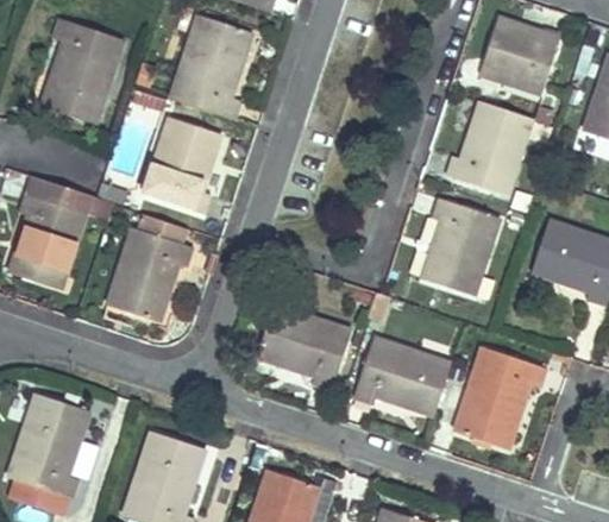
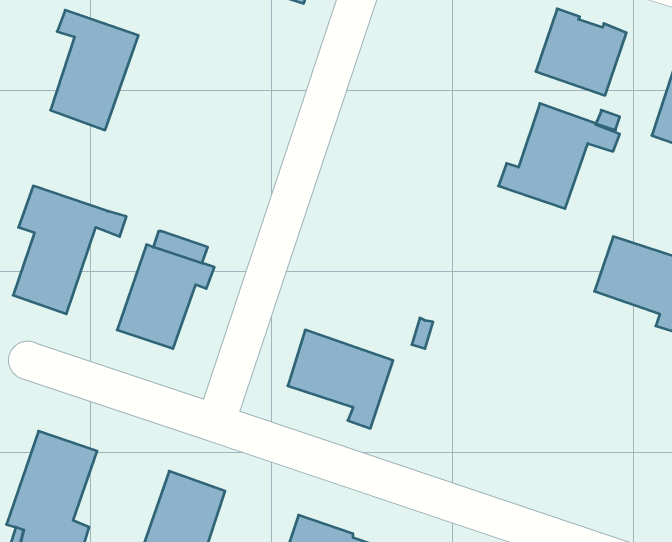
building: [170,14,250,120] -> none
building: [145,117,219,214] -> none
building: [425,196,500,296] -> none
building: [353,337,451,411] -> none
building: [453,346,547,447] -> none

